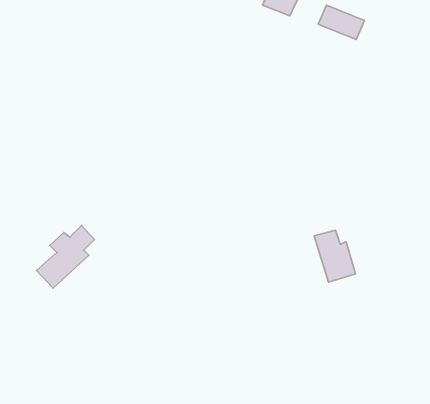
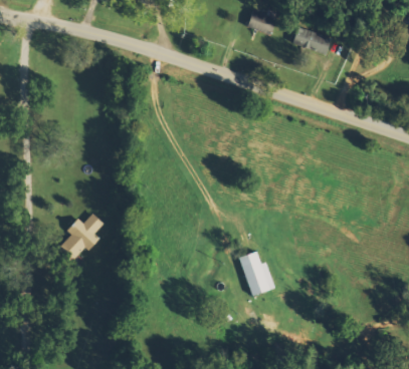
building: [314,230,356,282] -> [239,252,274,296]

